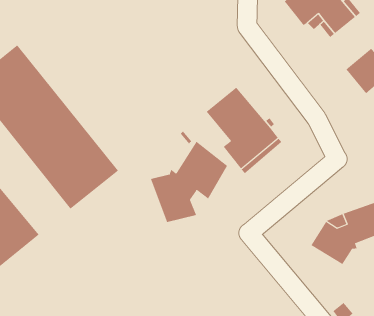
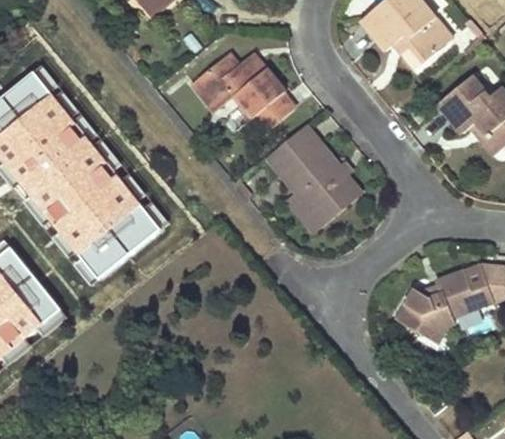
building: none -> [192,53,296,132]
building: [150,141,228,223] -> none

